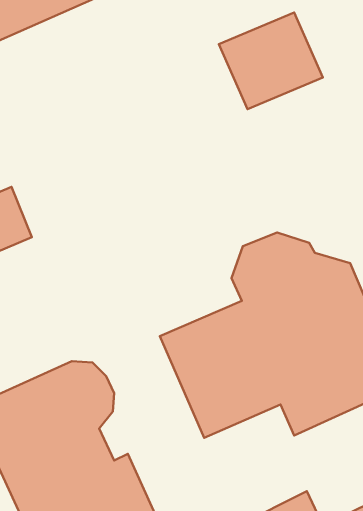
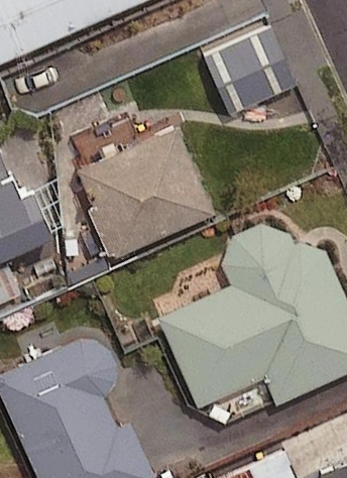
building: none -> [74,123,213,256]

